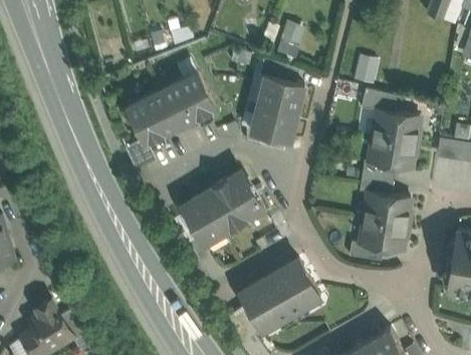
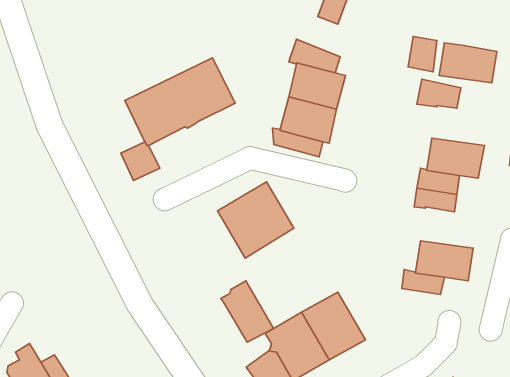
building: [374,111,420,143] -> [439,43,497,83]
building: [365,193,411,226] -> none
building: [182,196,224,245] -> [221,281,274,342]

